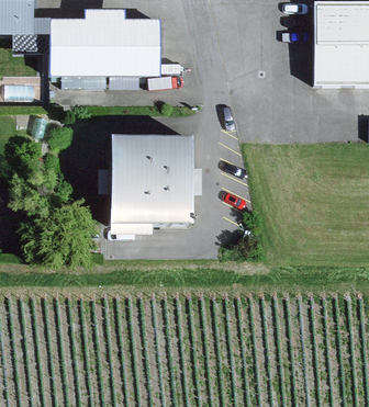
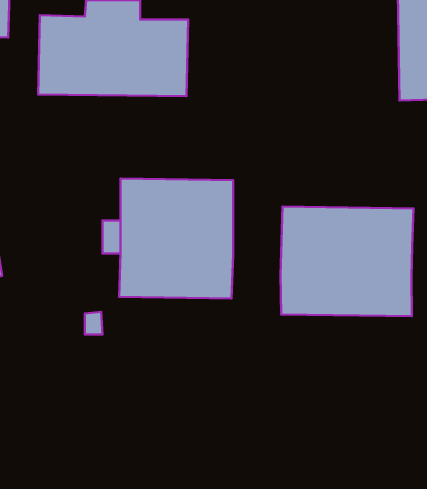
building: none -> [281,207,413,316]

